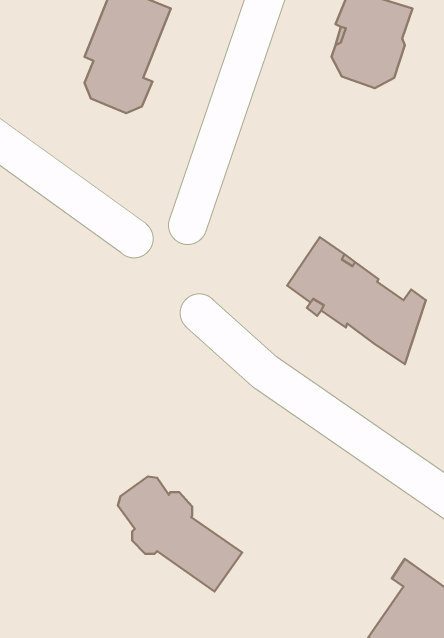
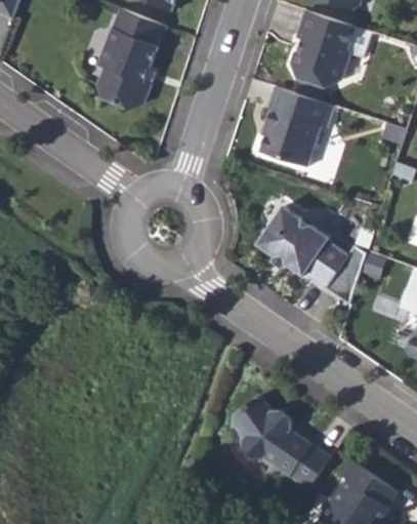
building: none -> [260,86,334,166]
building: [118,477,242,592] -> [232,398,329,488]

